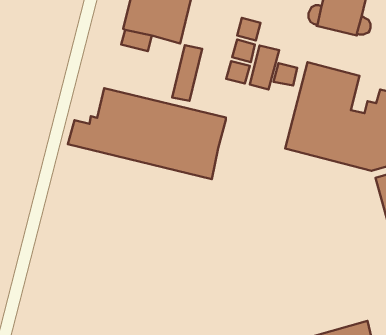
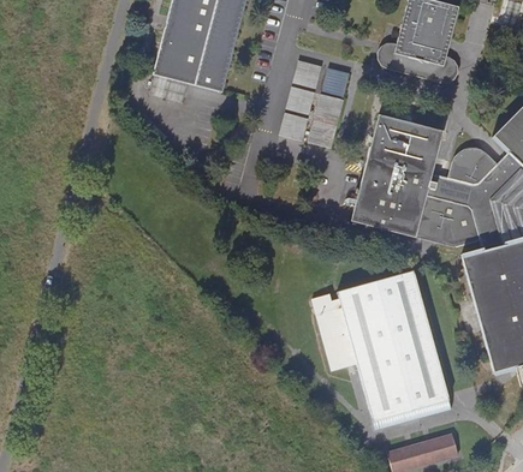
building: [172,45,202,101] -> none
building: [274,63,297,86] -> [321,67,350,95]
building: [68,88,226,179] -> none
building: none -> [311,270,451,428]

